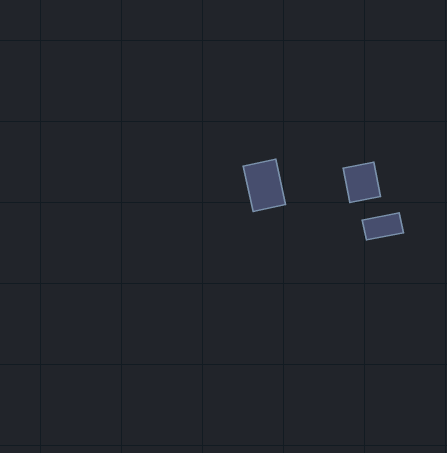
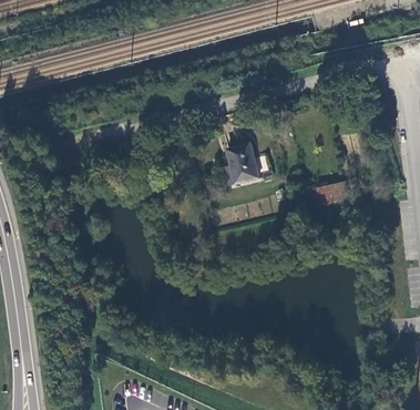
building: [343,162,380,202] -> none

